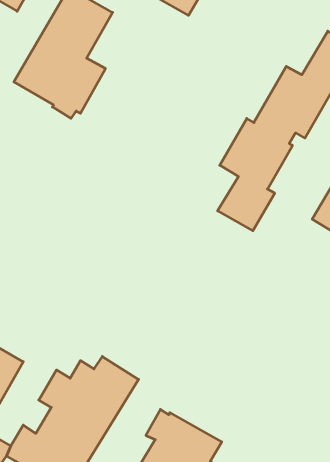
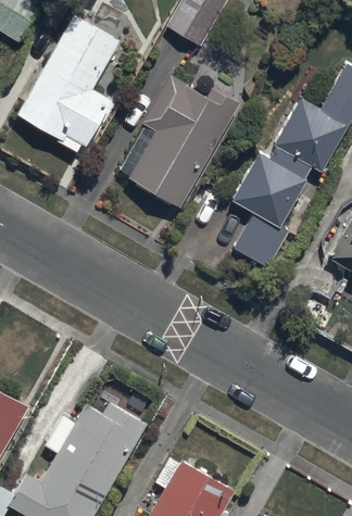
building: none -> [118,76,239,207]

